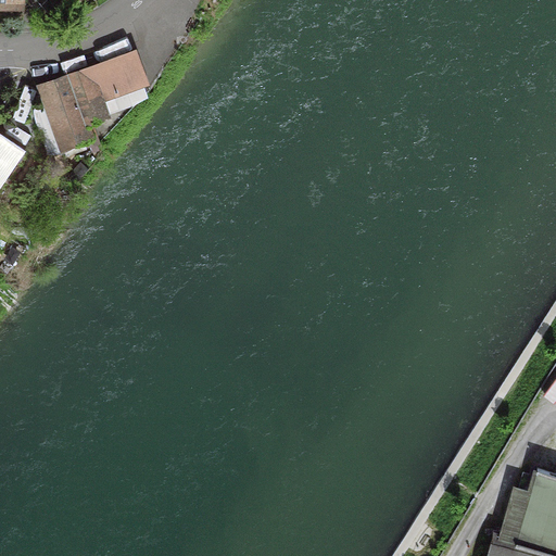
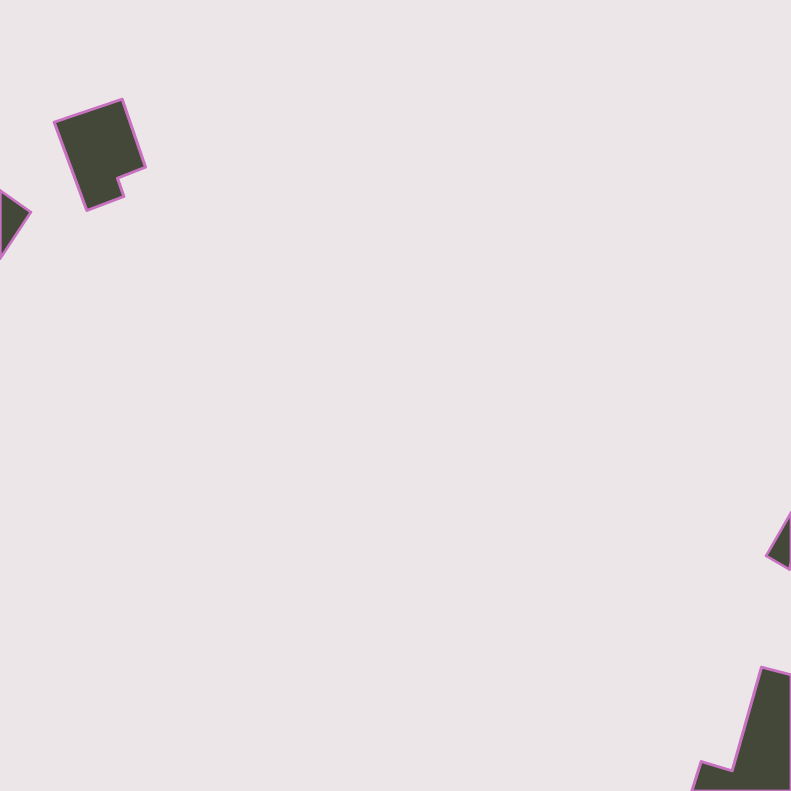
building: [86,52,143,117] -> none

